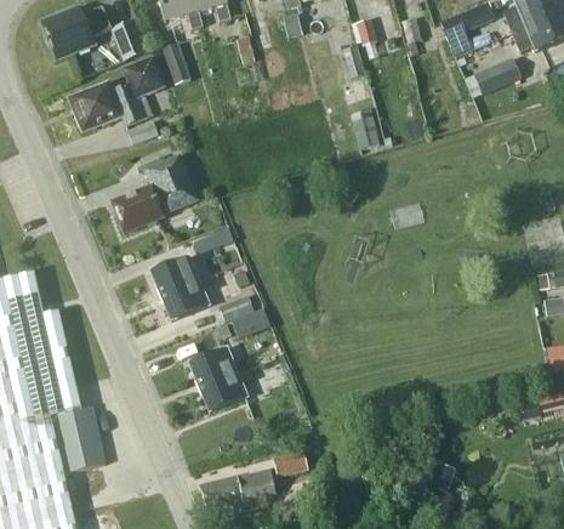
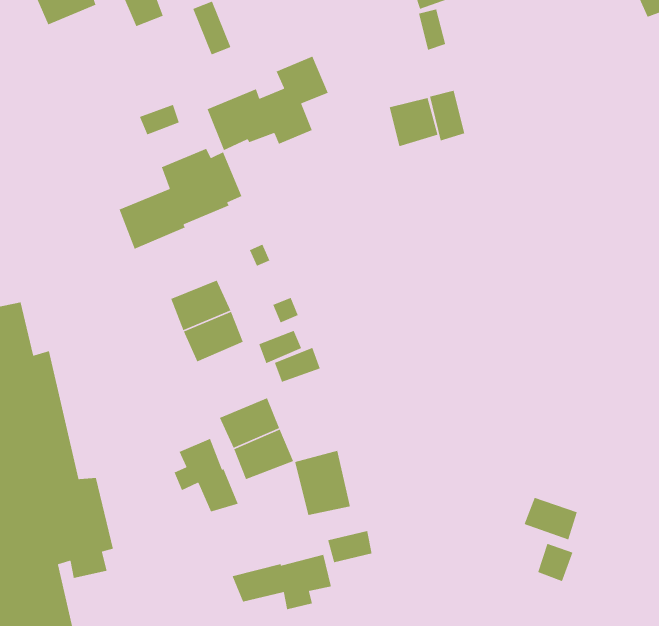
building: [69,56,164,130] -> [206,55,329,151]
building: [463,56,520,97] -> none
building: none -> [389,97,438,147]
building: none -> [173,438,239,512]
building: none -> [294,450,351,516]
building: none -> [523,497,578,541]

